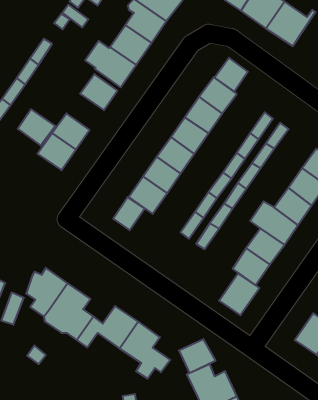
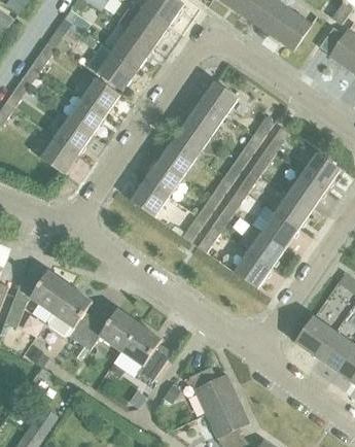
building: [215,58,248,91] -> none
building: [18,109,55,146] -> [69,97,106,133]
building: [113,197,145,230] -> none
building: [219,273,259,315] -> none
building: [179,339,215,373] -> none

